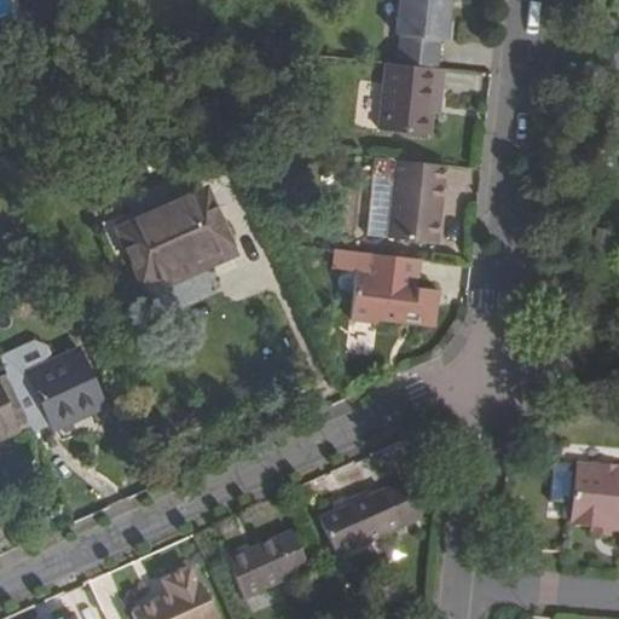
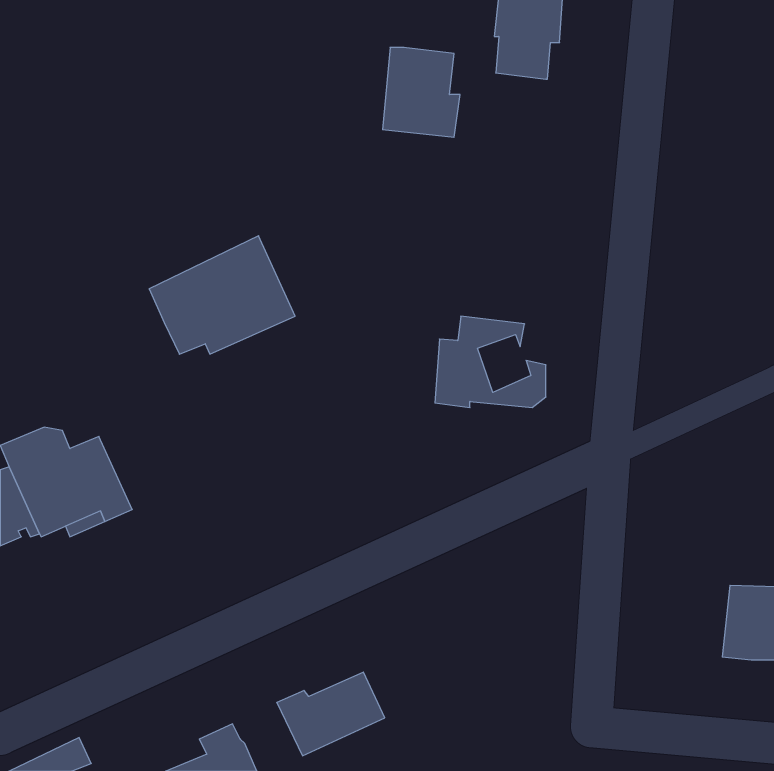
building: [380,58,441,129] -> [383,47,460,137]
building: [388,158,445,241] -> none
building: [382,266,424,312] -> none
building: [320,484,418,559] -> none

